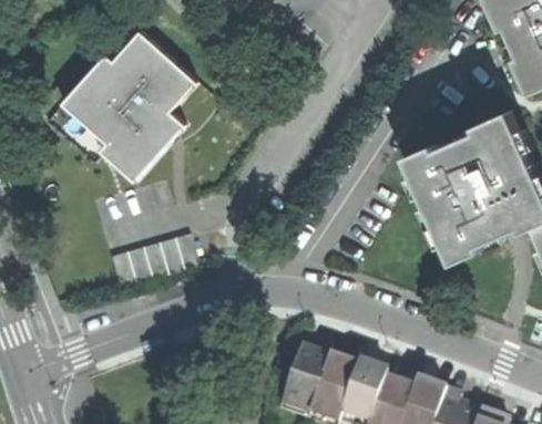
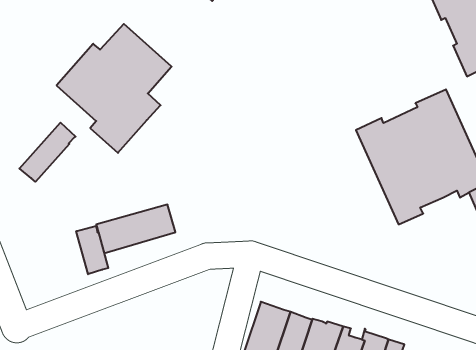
building: none -> [19,123,76,182]
building: none -> [76,226,108,274]

